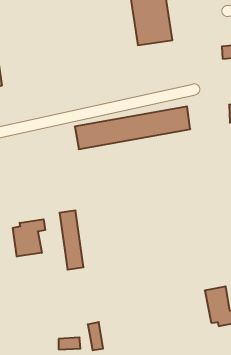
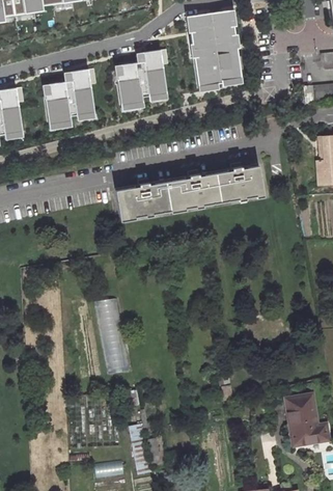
building: none -> [115,50,167,109]
building: none -> [44,70,94,129]
building: [13,219,45,257] -> none

